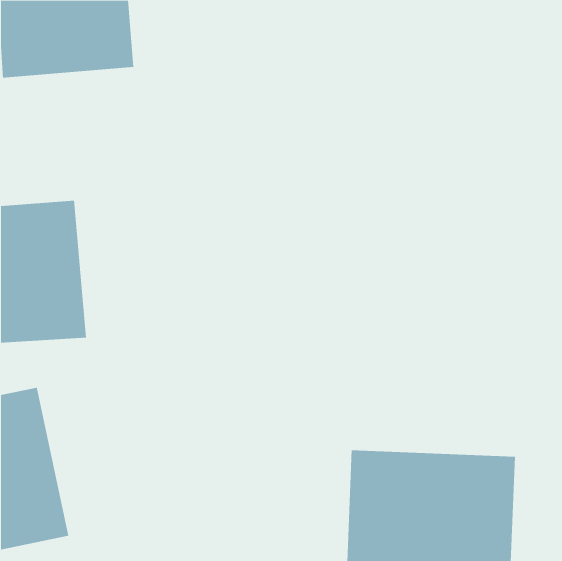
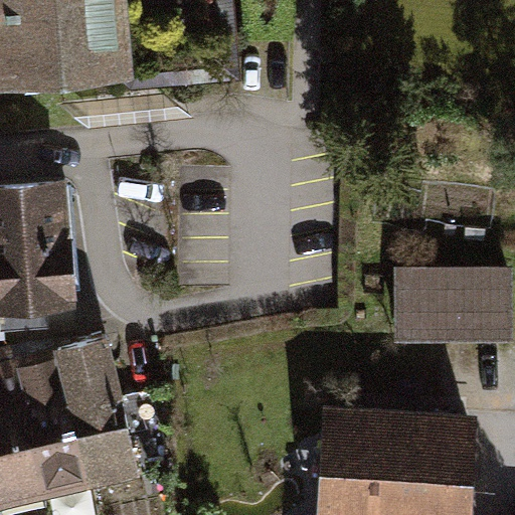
building: none -> [395,275,497,341]
building: none -> [34,340,135,491]

